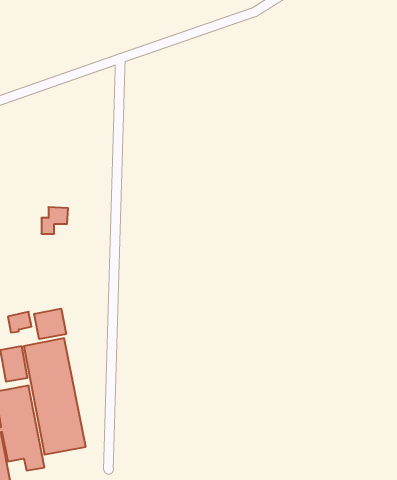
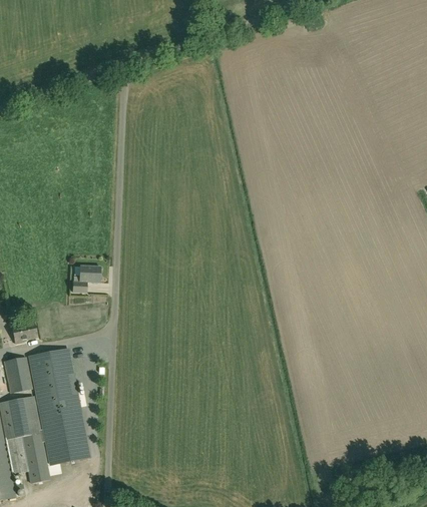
building: [41,207,68,234] -> [73,265,100,292]
building: [34,309,66,339] -> none

